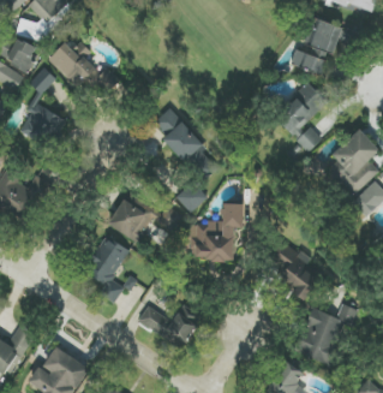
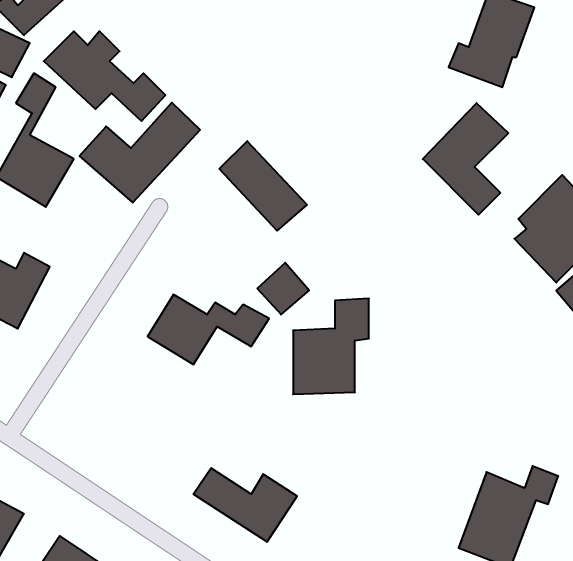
building: none -> [80,103,200,203]
building: [83,236,130,303] -> none
building: [273,250,319,299] -> none

